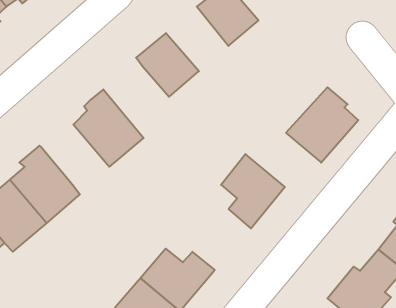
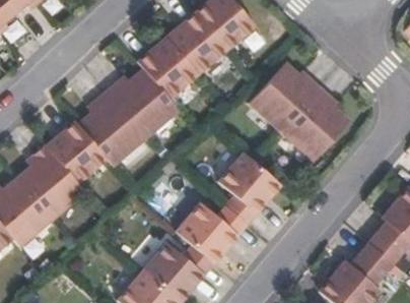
building: none -> [166,11,226,73]
building: none -> [249,63,321,132]
building: none -> [107,68,179,137]
building: none -> [47,120,107,182]
building: none -> [176,202,248,263]

